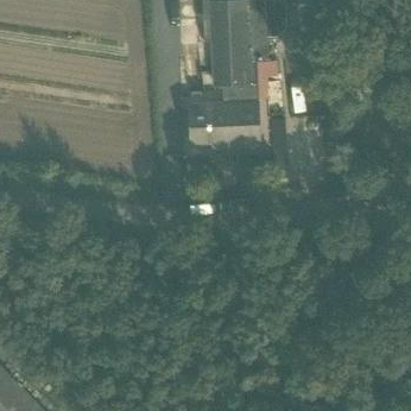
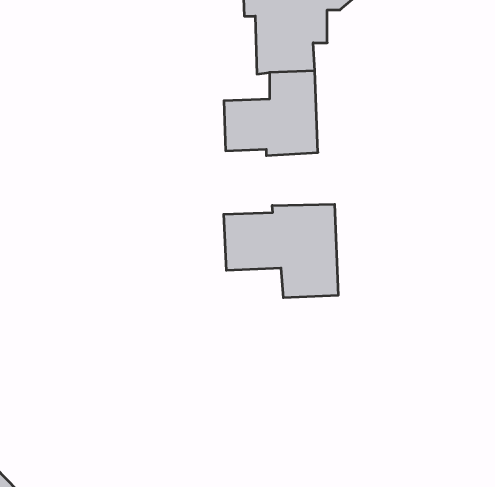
building: none -> [224,204,338,298]

